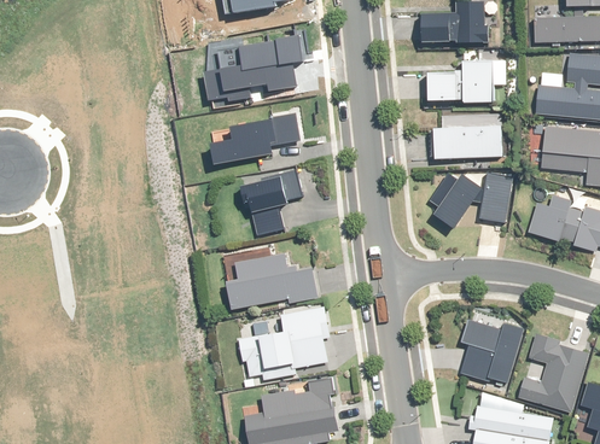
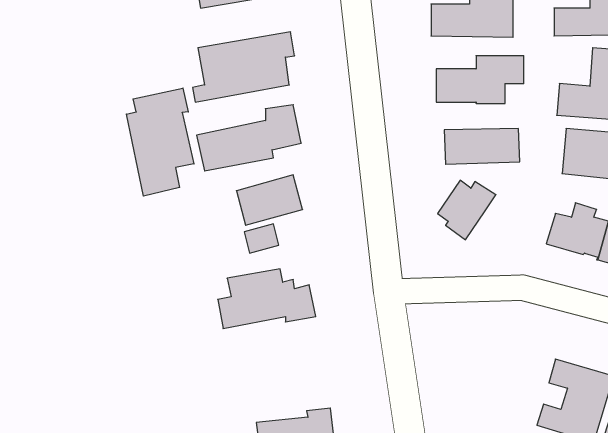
building: none -> [126,88,194,196]
building: [482,175,513,222] -> none
building: [239,305,330,380] -> none
building: [458,320,523,395] -> none

